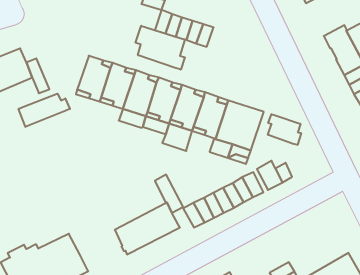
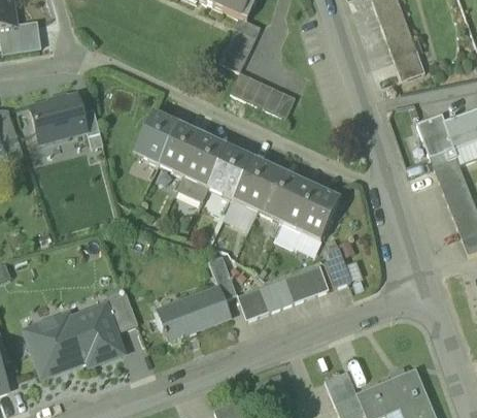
building: [136,26,185,70] -> none
building: [19,94,70,127] -> none
building: [268,114,301,145] -> none
building: none -> [101,288,137,332]

